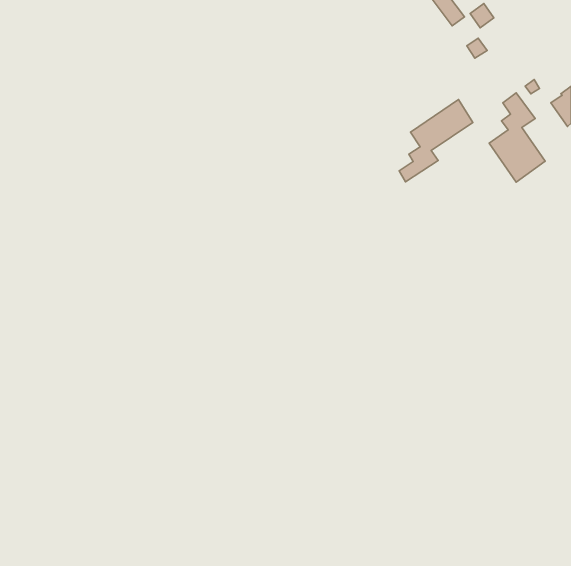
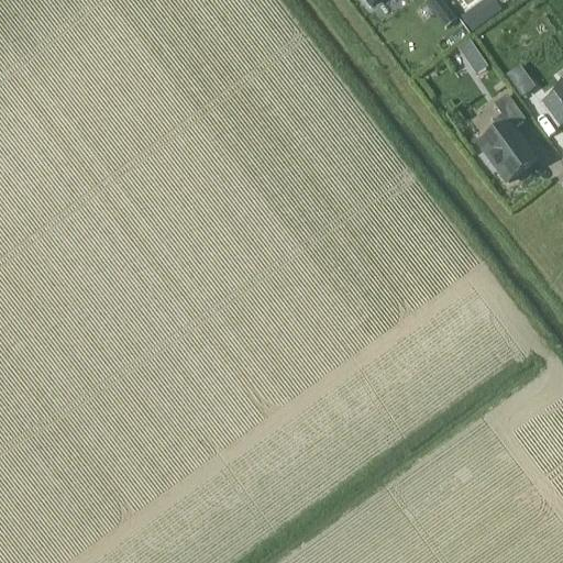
building: [399,99,473,182] -> none

